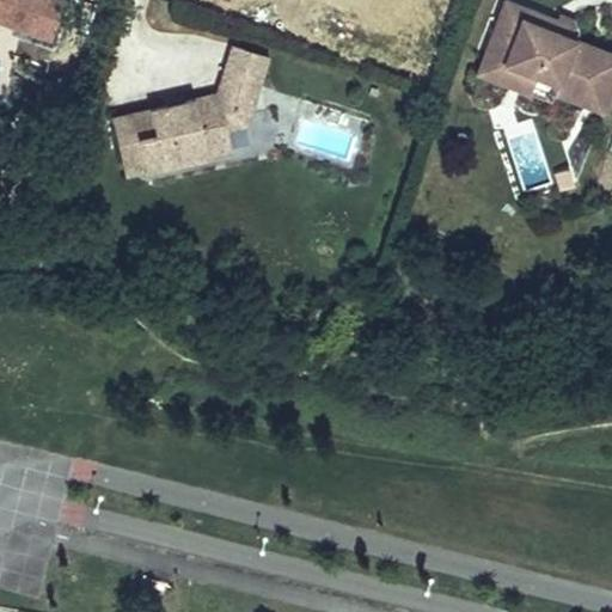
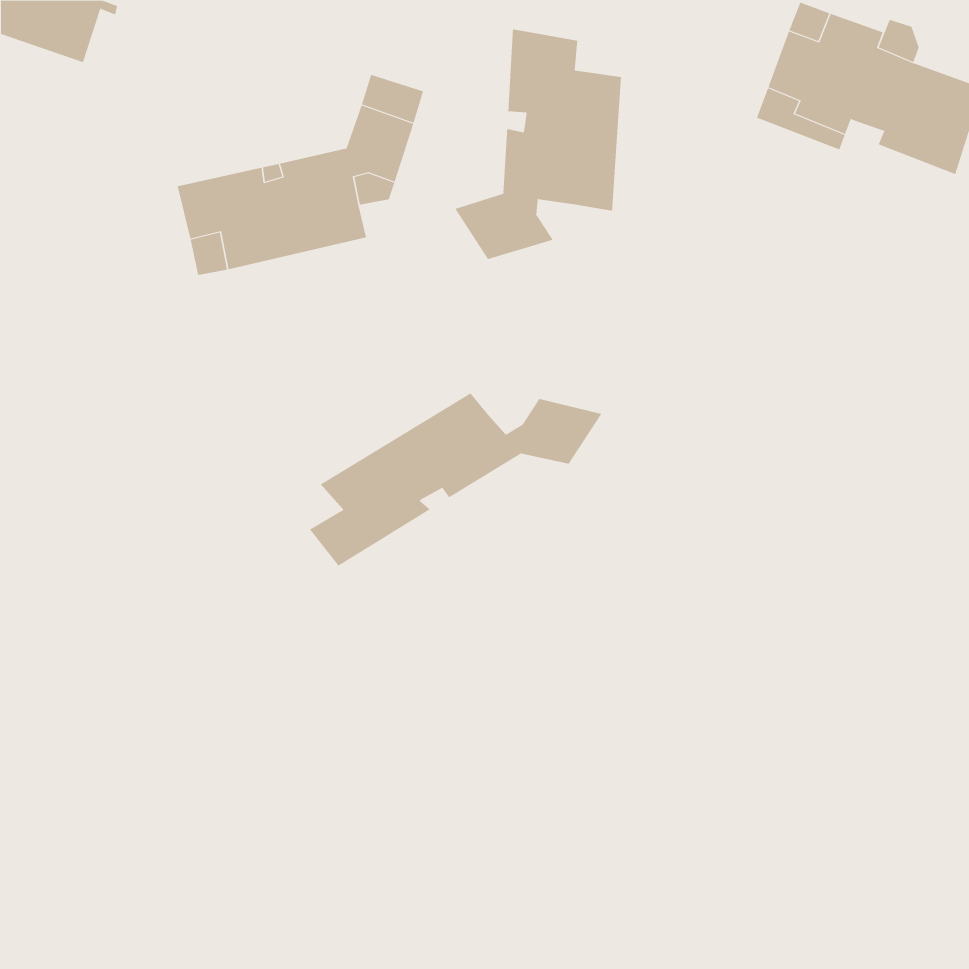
building: none -> [455,29,622,260]
building: none -> [309,392,602,567]

